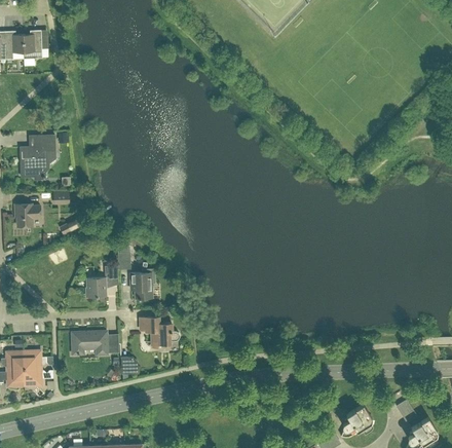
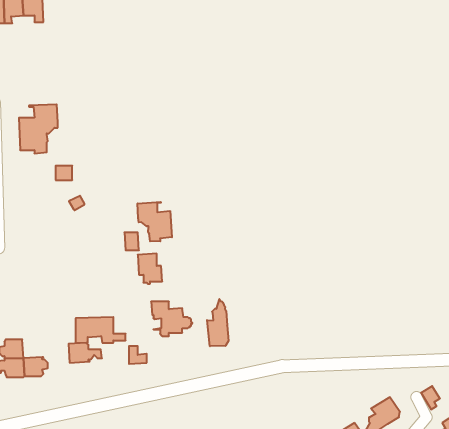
building: [14,203,40,227] -> none
building: none -> [138,202,172,241]
building: [85,277,106,297] -> none
building: none -> [207,299,229,346]
building: [23,350,53,369] -> [69,343,102,363]

